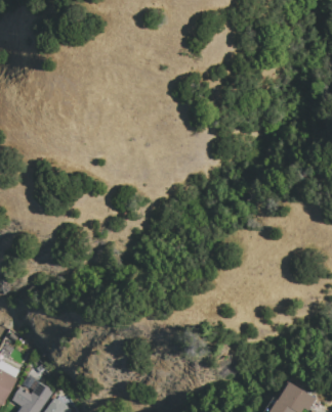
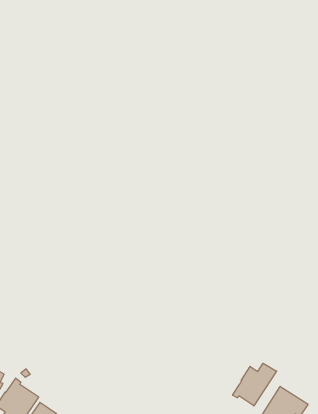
building: none -> [233,363,277,406]

